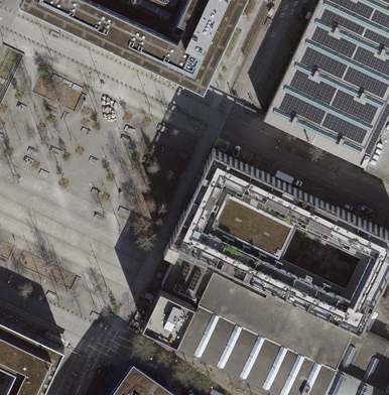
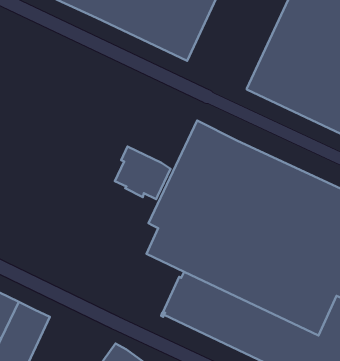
building: none -> [115,147,171,199]
building: [143,287,196,343] -> none

